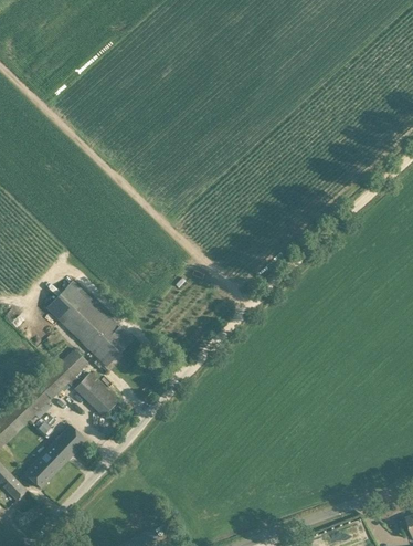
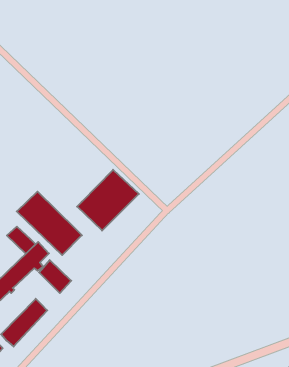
building: none -> [77,170,139,231]
building: none -> [7,227,36,254]

